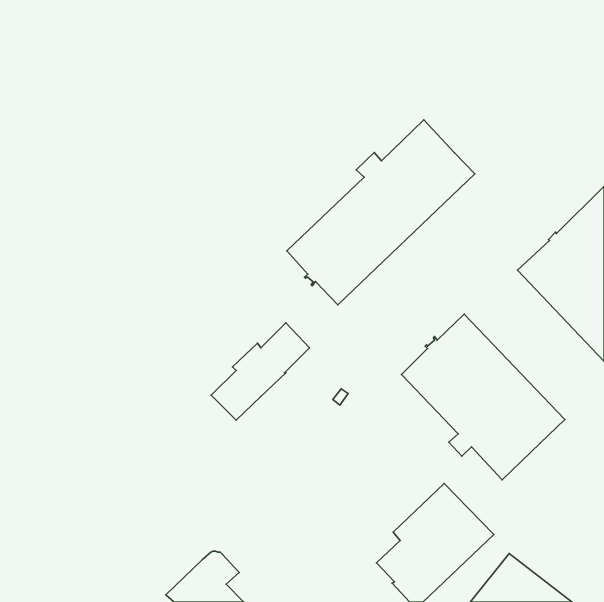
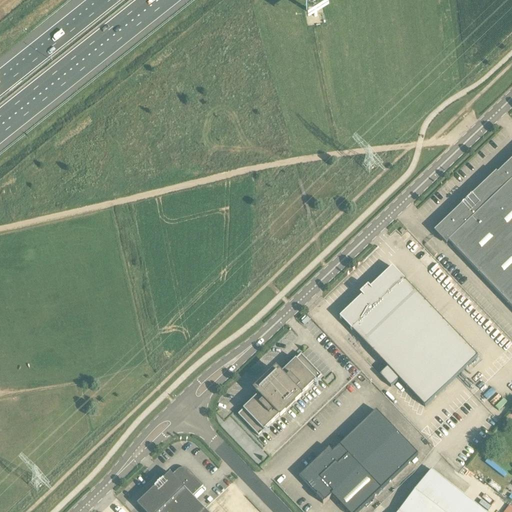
building: [287,120,475,305] -> none
building: [211,323,309,420] -> [237,352,320,434]
building: none -> [298,445,338,501]

